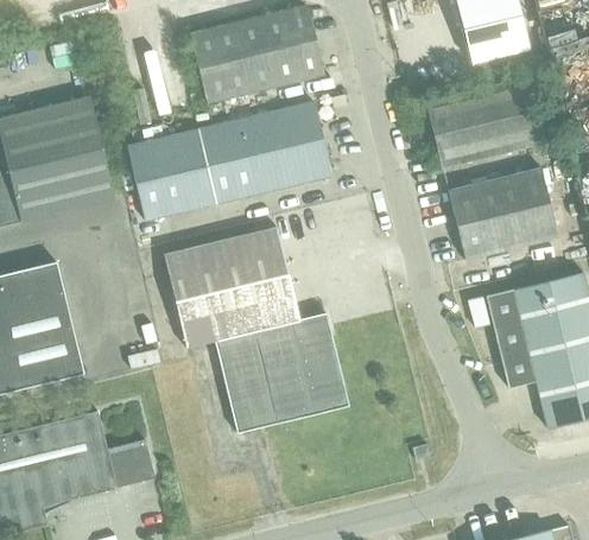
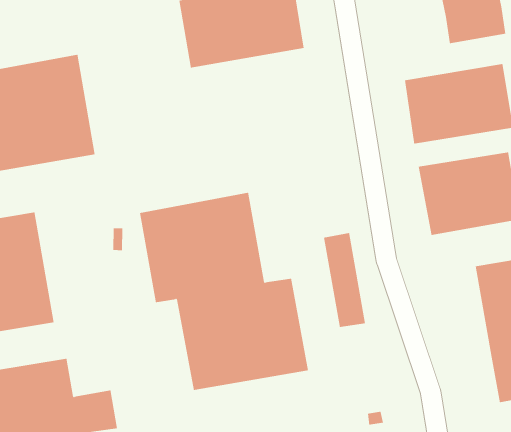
building: [127,100,331,218] -> none
building: [486,287,536,386] -> [323,232,366,328]

